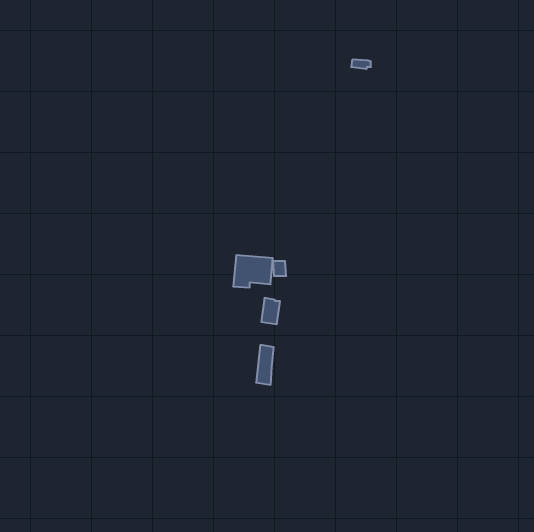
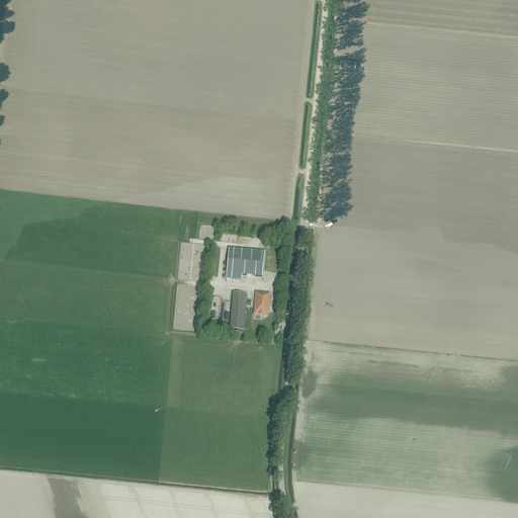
building: [256,345,274,385] -> [230,289,247,328]

